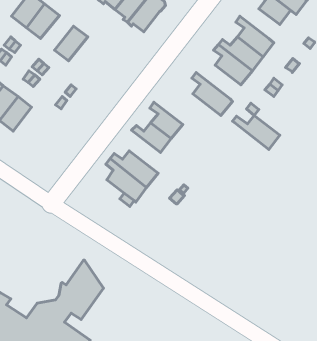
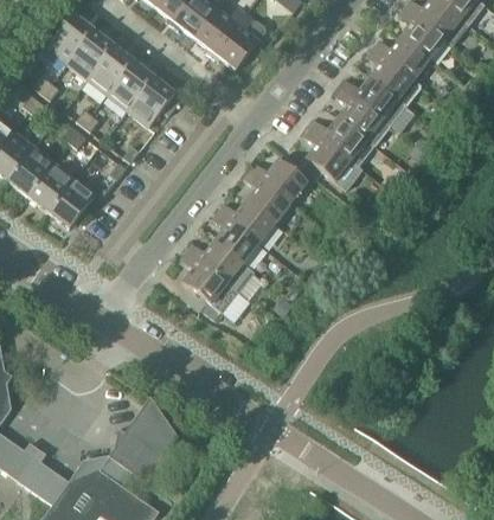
building: none -> [372,37,429,79]
building: none -> [86,46,134,96]
building: none -> [127,77,179,127]
building: none -> [249,159,306,203]
building: none -> [47,178,95,229]
building: [233,115,280,149] -> [306,117,373,166]
building: none -> [211,211,258,263]

